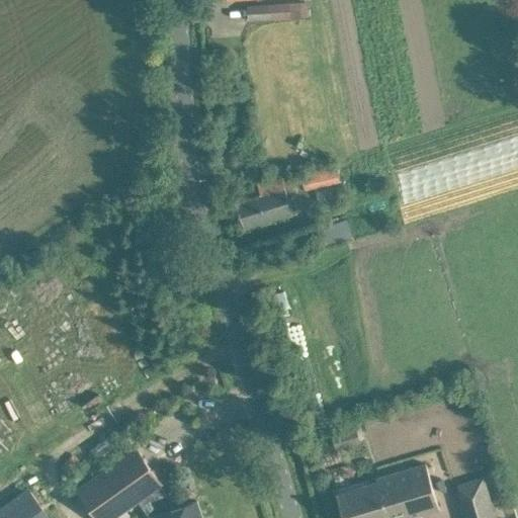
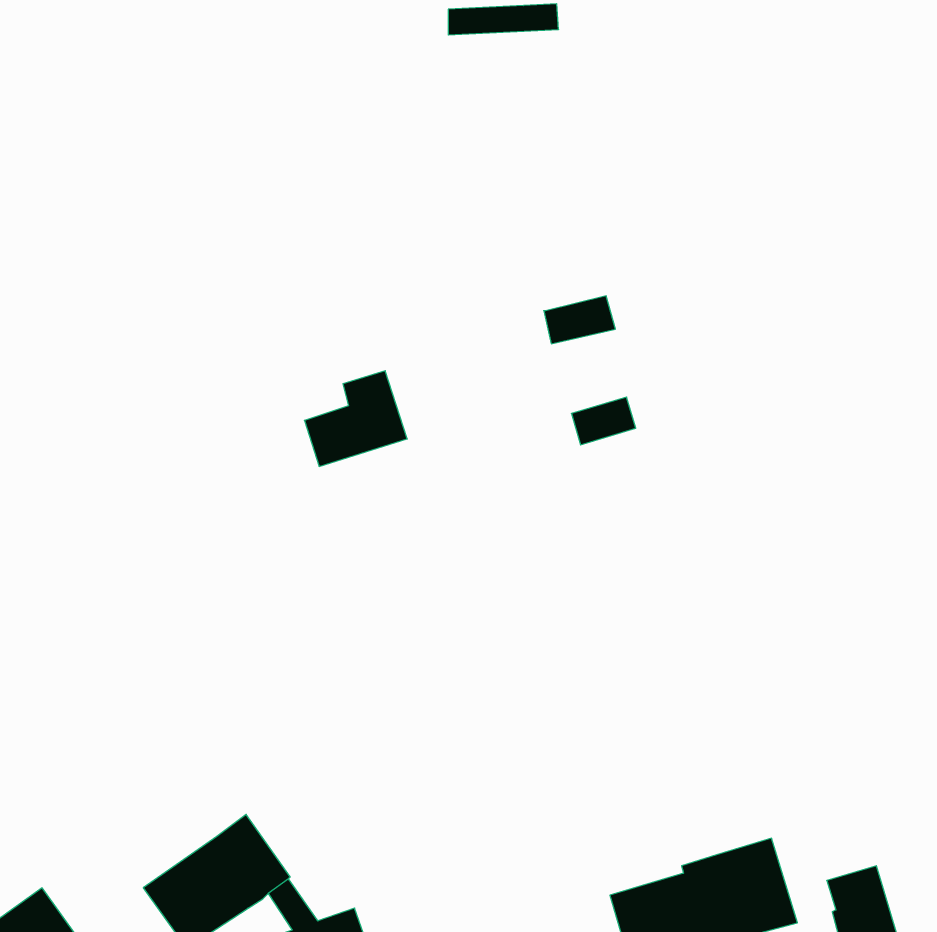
building: [236,179,292,232] -> [304,371,407,466]

